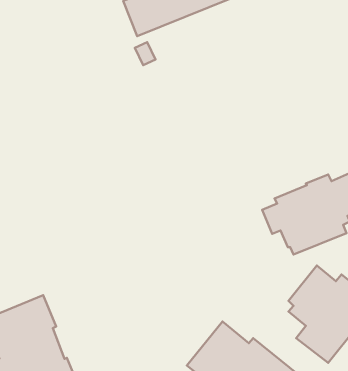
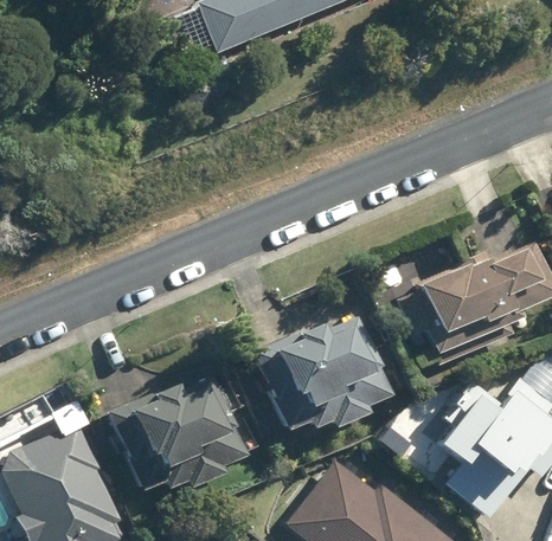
building: none -> [255,316,392,430]
building: none -> [109,378,248,492]

